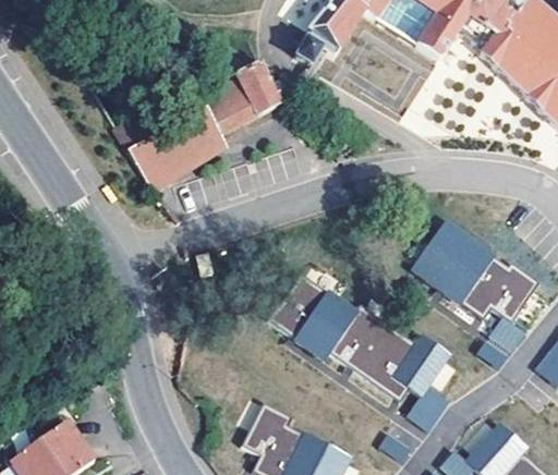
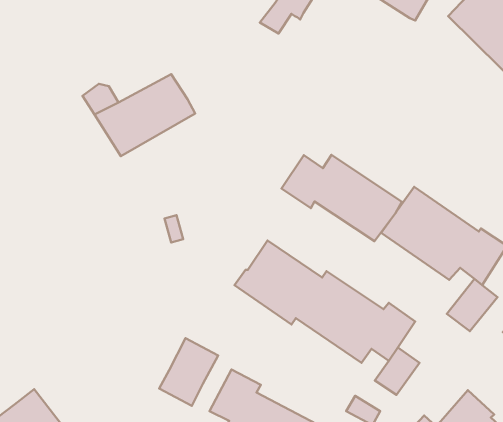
building: [199,63,288,134] -> none
building: none -> [282,155,402,241]
building: none -> [159,338,218,406]

